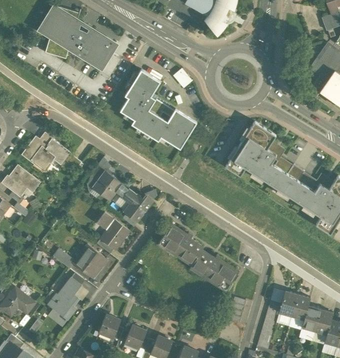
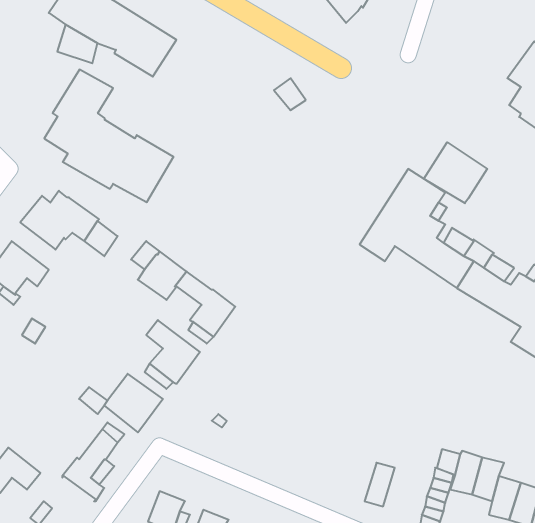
building: [119,70,196,149] -> [44,70,174,202]
building: none -> [424,142,487,203]
building: [158,223,238,290] -> none

